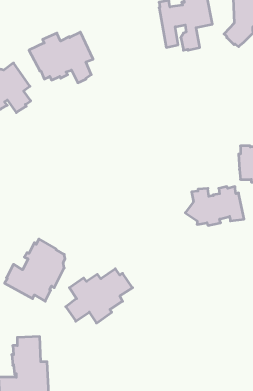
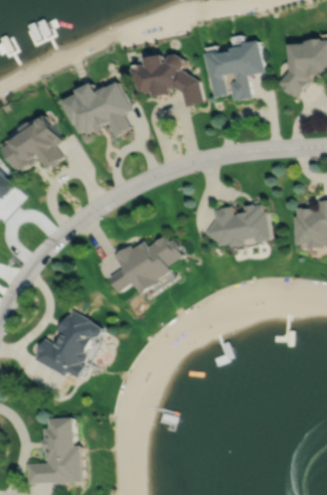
building: none -> [130,53,201,107]
building: [185,187,244,225] -> [205,204,271,248]
building: [66,269,133,323] -> [108,235,182,296]

